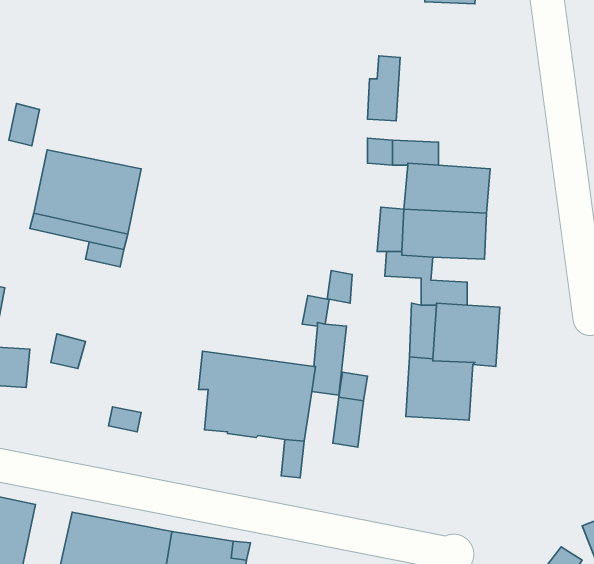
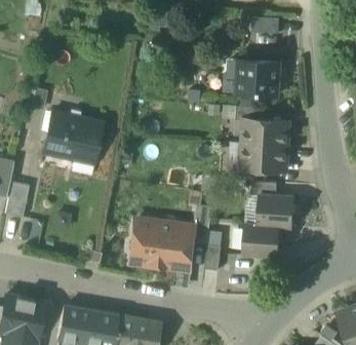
building: none -> [242,63,279,98]

